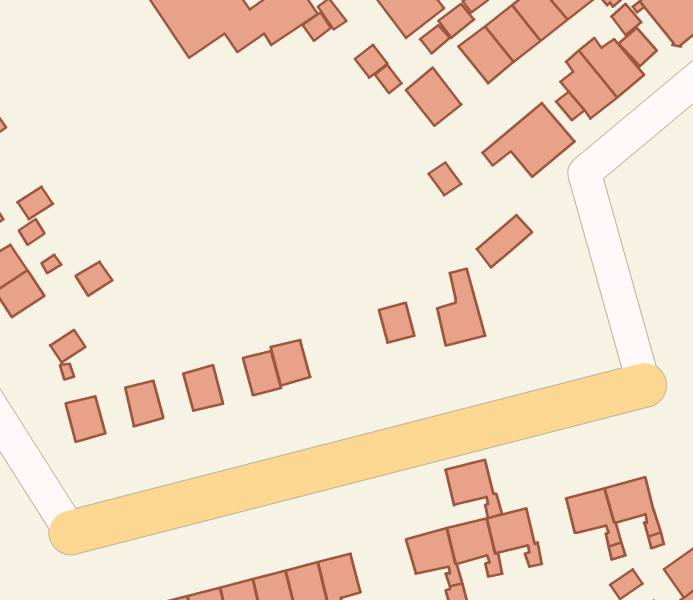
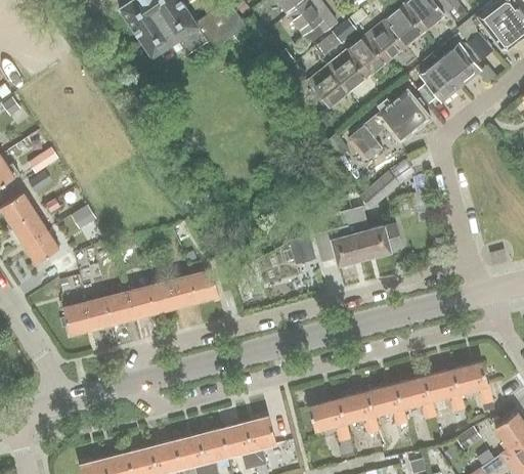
building: none -> [328,49,367,91]
building: none -> [349,126,381,160]
building: none -> [352,208,400,258]
building: none -> [24,229,58,263]
building: [271,340,310,385] -> [169,274,198,307]
building: none -> [126,286,155,317]
building: none -> [84,296,112,329]
building: [445,460,502,518] -> [395,376,436,418]

